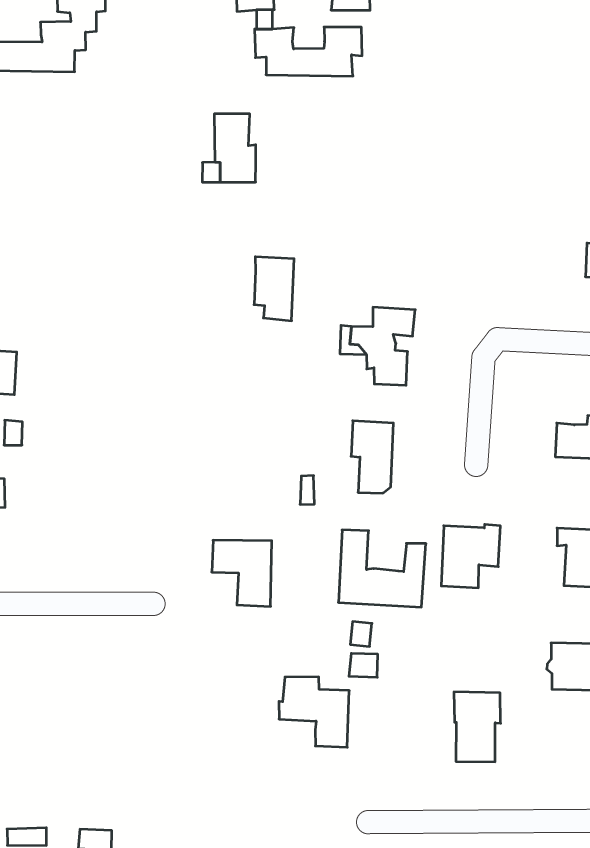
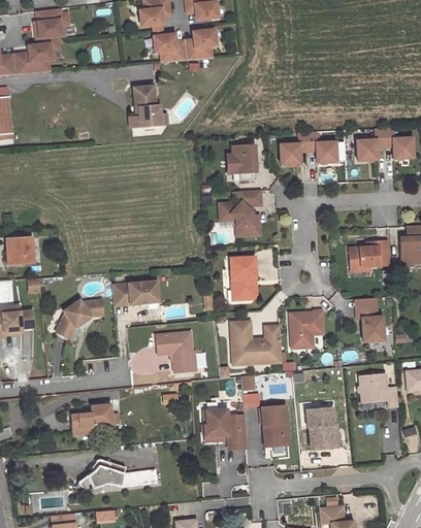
building: none -> [281,132,337,165]
building: [254,257,294,321] -> [232,144,257,180]
building: none -> [112,280,159,304]
building: none -> [57,300,102,338]
building: none -> [69,402,114,435]
building: none -> [261,405,288,446]
building: none -> [77,458,158,490]

